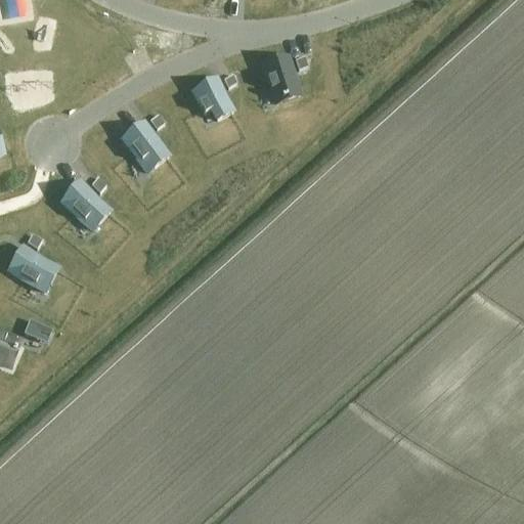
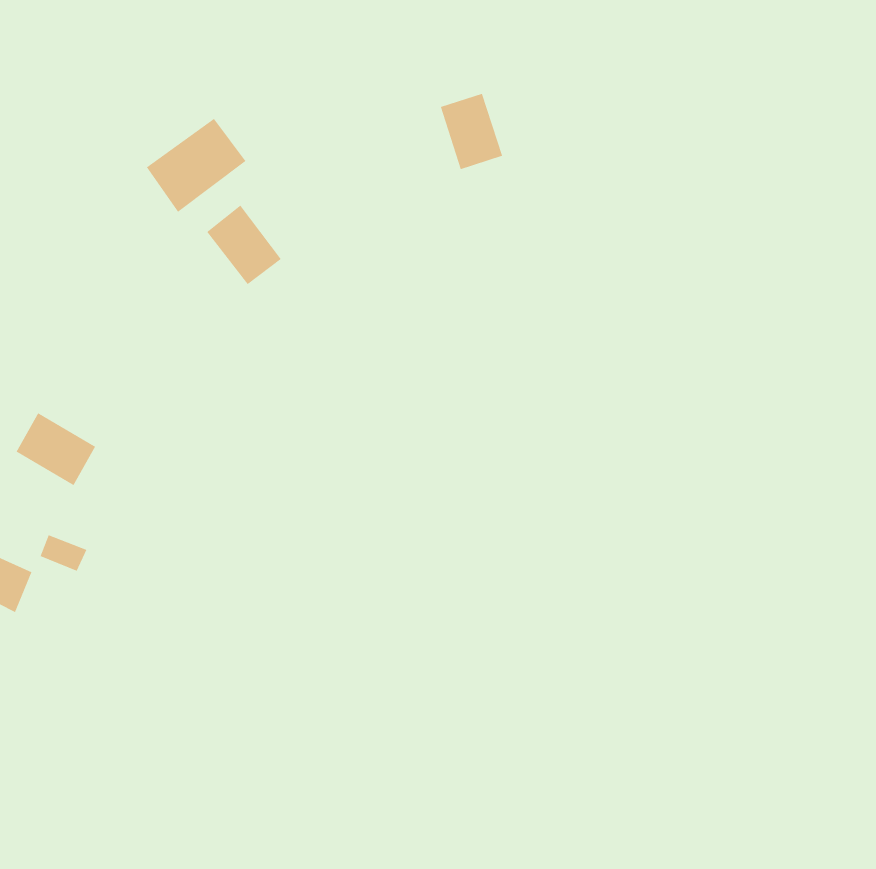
building: none -> [146,118,247,213]
building: [193,79,232,117] -> none
building: [61,181,110,228] -> none

